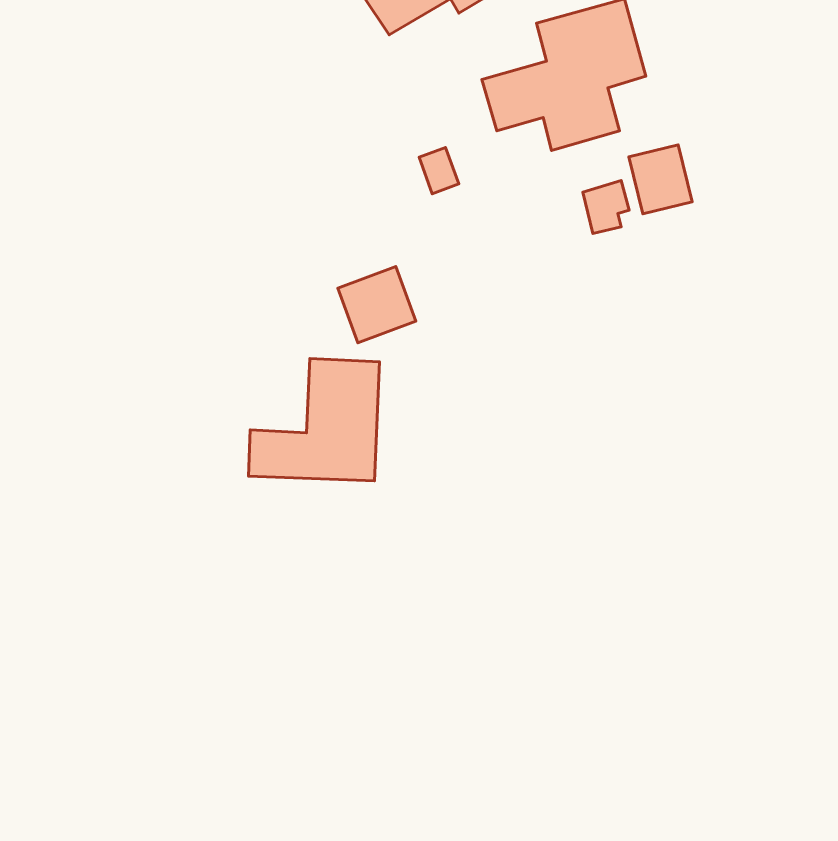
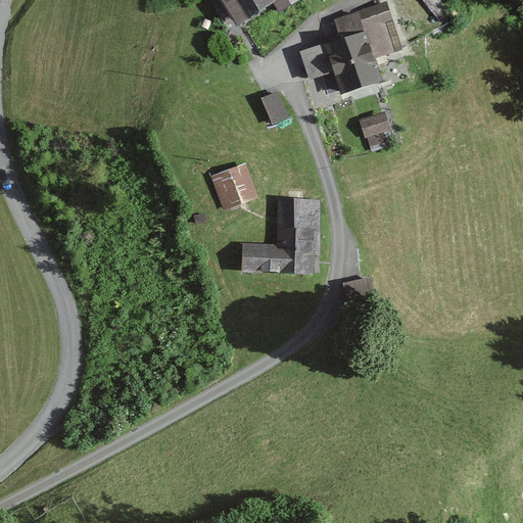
building: [629,145,692,214] -> none
building: [249,358,379,481] -> [241,197,322,273]

